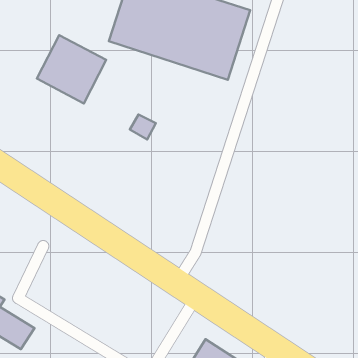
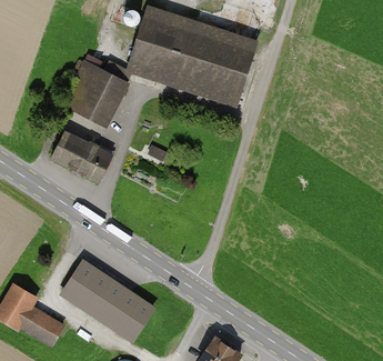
building: none -> [53,132,111,182]
building: none -> [58,259,155,344]

